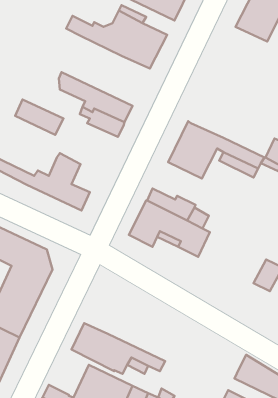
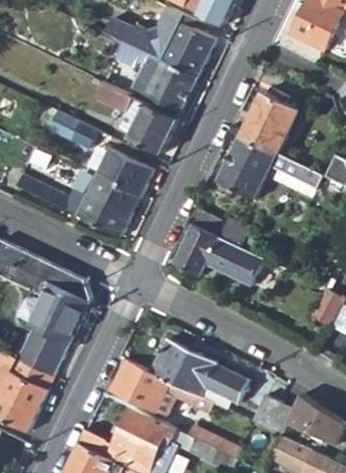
building: none -> [111,42,196,111]
building: none -> [241,93,298,155]
building: none -> [96,150,151,215]
building: none -> [149,337,249,408]
building: none -> [252,396,293,434]

